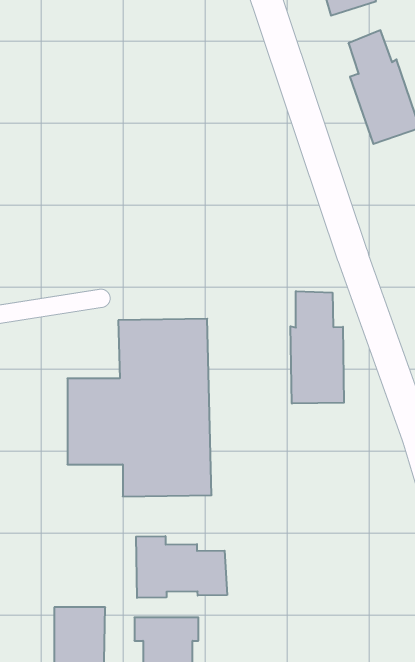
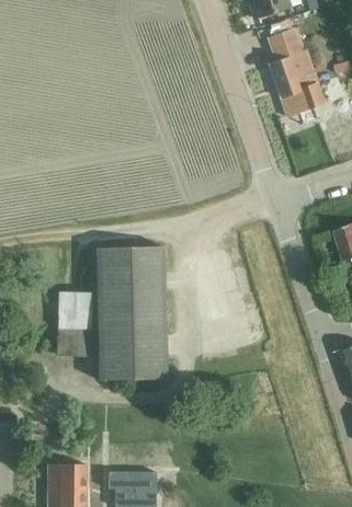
building: [290,291,344,404] -> none
building: [136,536,227,598] -> none

